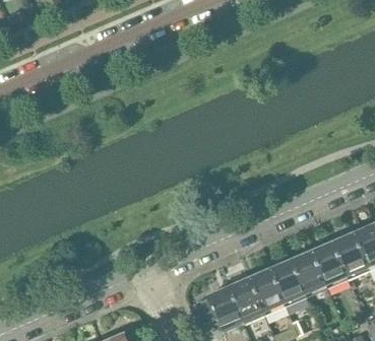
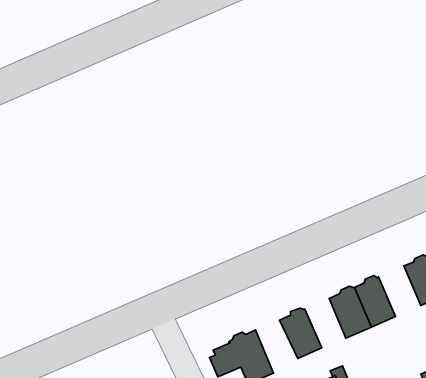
building: [332,232,368,276] -> none
building: [270,260,305,302] -> none
building: [229,277,265,324] -> none

